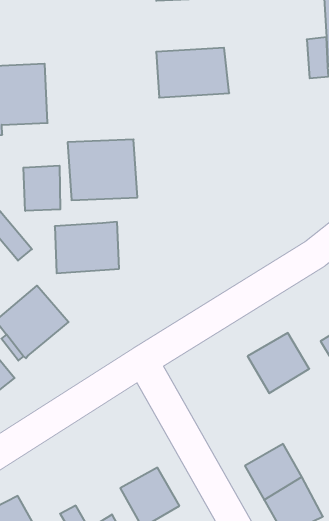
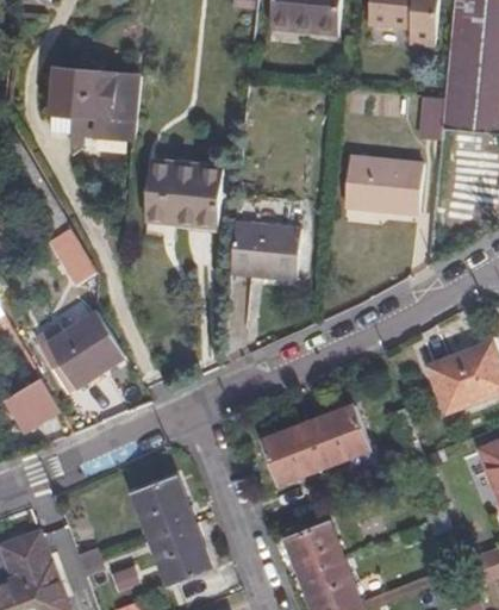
building: [156,48,229,98] -> [344,158,422,214]
building: [23,166,60,211] -> none
building: [55,222,119,273] -> [227,224,300,280]
building: none -> [260,421,323,483]
building: none -> [132,475,192,539]

